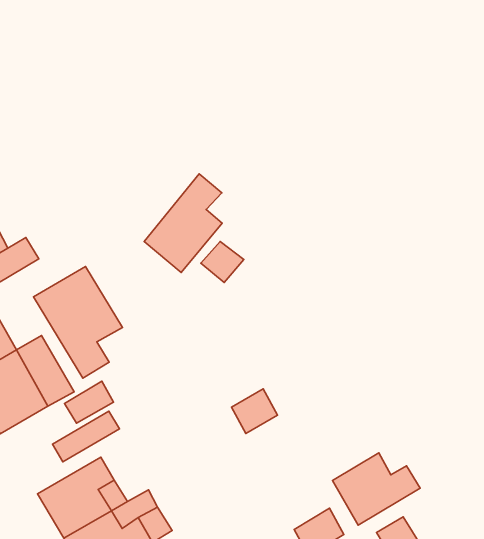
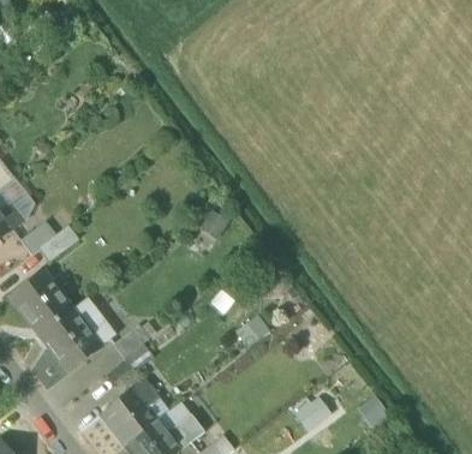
building: [144,174,222,273] -> none
building: [34,267,122,378] -> none
building: [332,453,420,525] -> none

